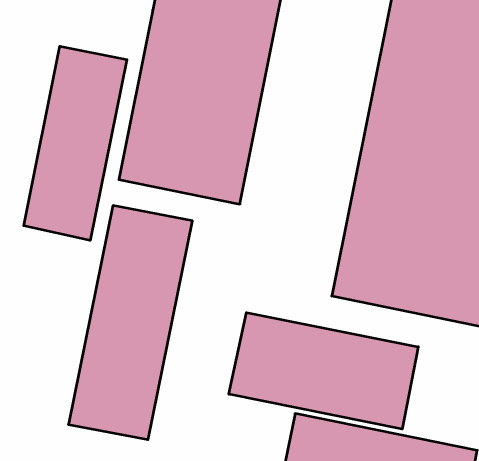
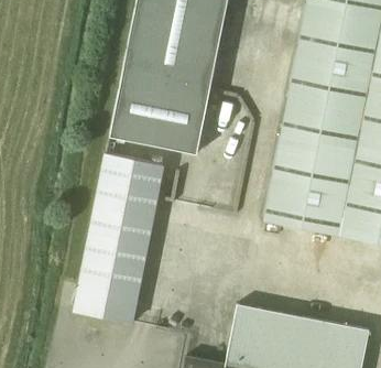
building: [24,46,127,240] -> none
building: [229,313,418,429] -> none

